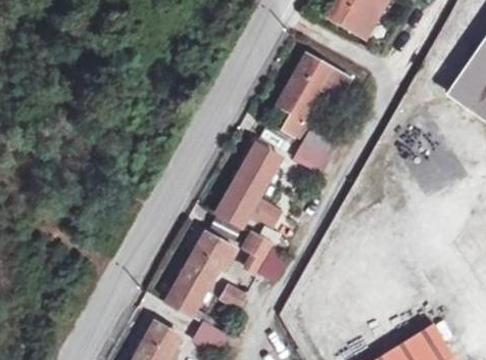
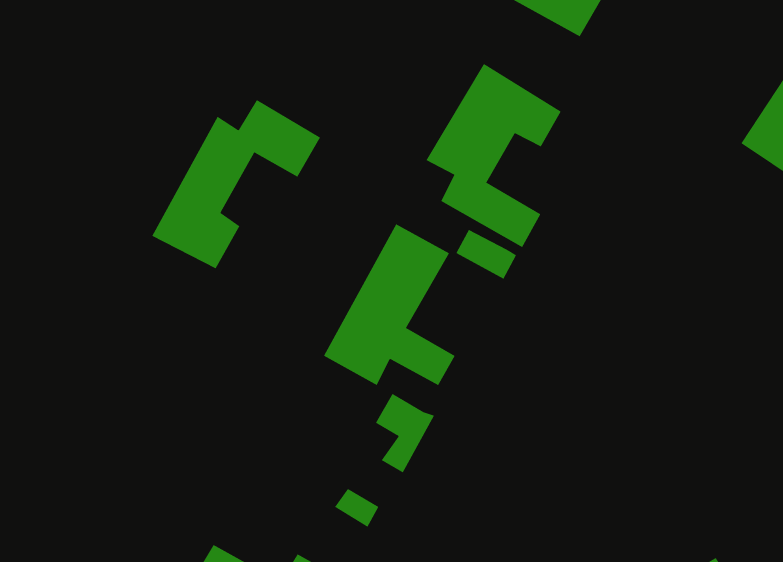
building: none -> [151,99,321,269]
building: [167,232,238,316] -> none

